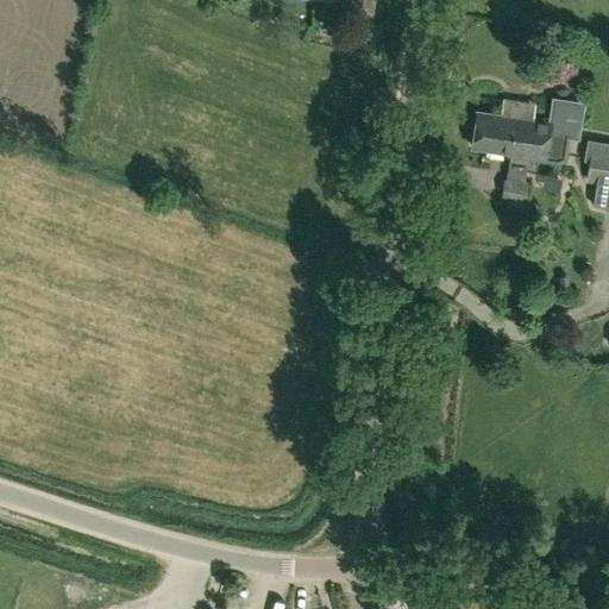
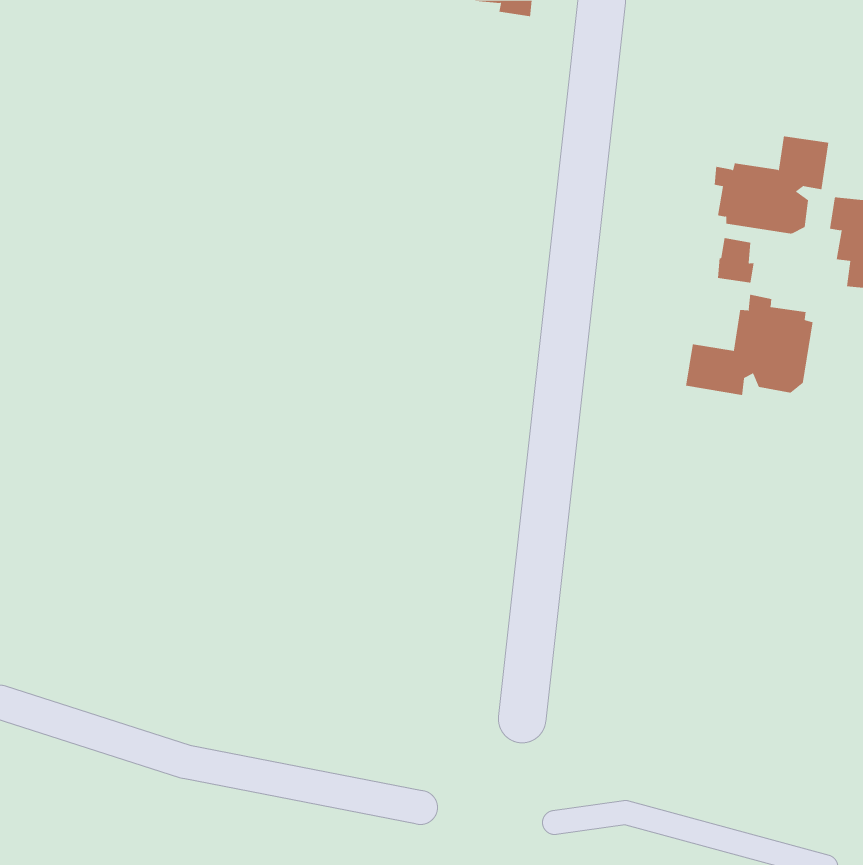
building: [473,114,509,152] -> none
building: none -> [685,294,813,396]

